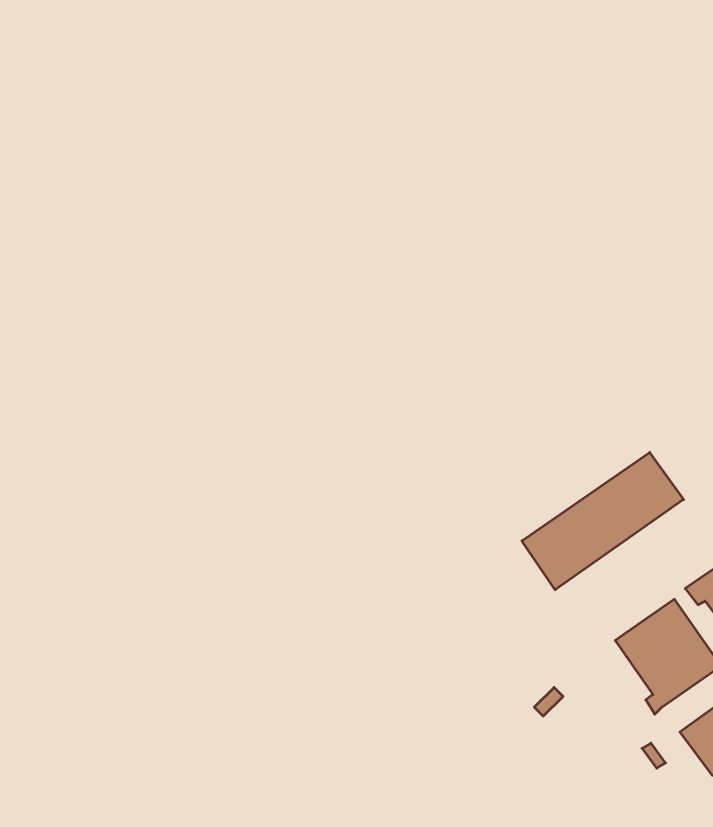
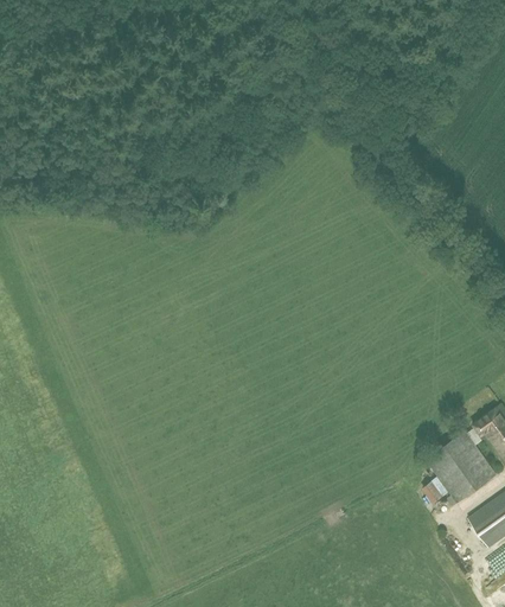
building: [522,452,684,590] -> none

